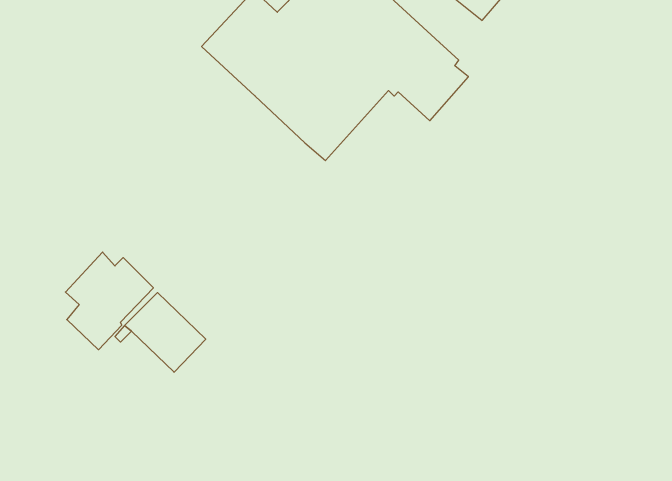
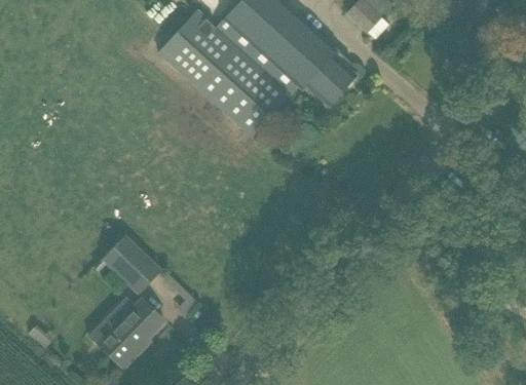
building: [65,252,153,350] -> [98,295,163,368]

